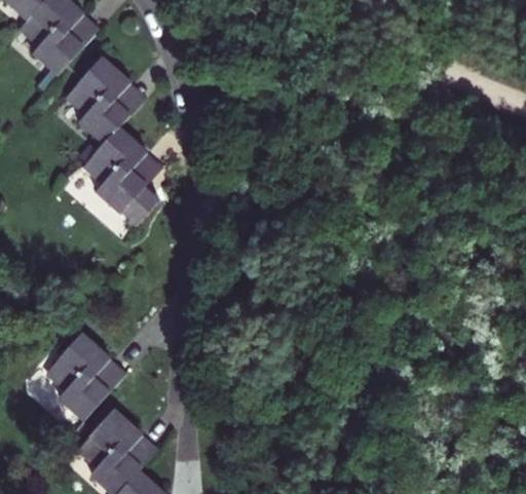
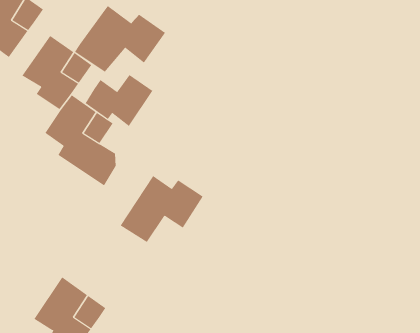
building: none -> [74,5,166,73]
building: none -> [85,74,153,127]
building: none -> [120,175,203,243]

